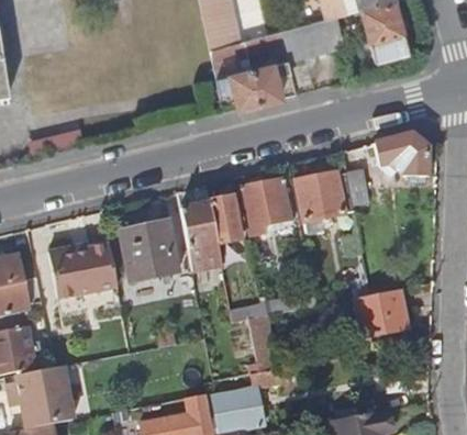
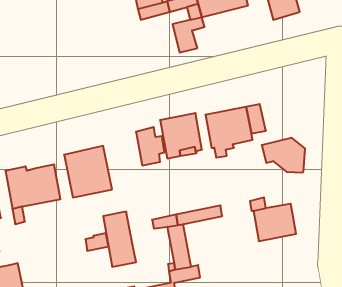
building: [219,68,264,108] -> none
building: [374,134,427,177] -> [262,138,305,173]
building: [181,202,222,270] -> [103,212,136,267]

